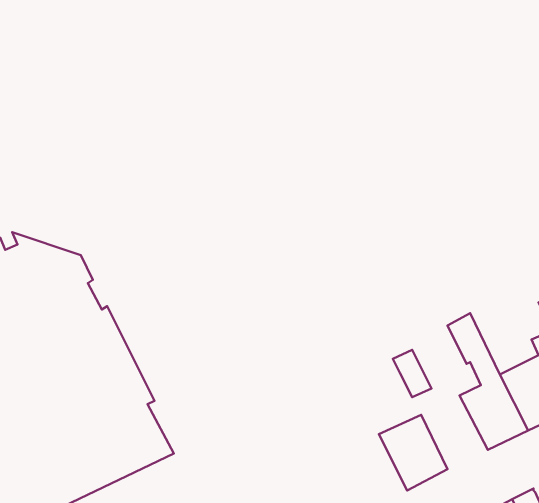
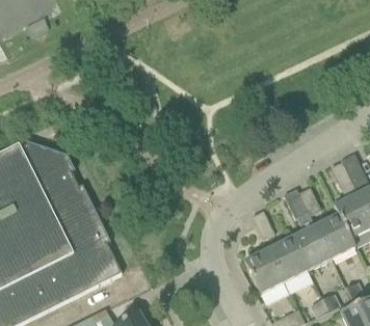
building: none -> [268,237,308,280]

